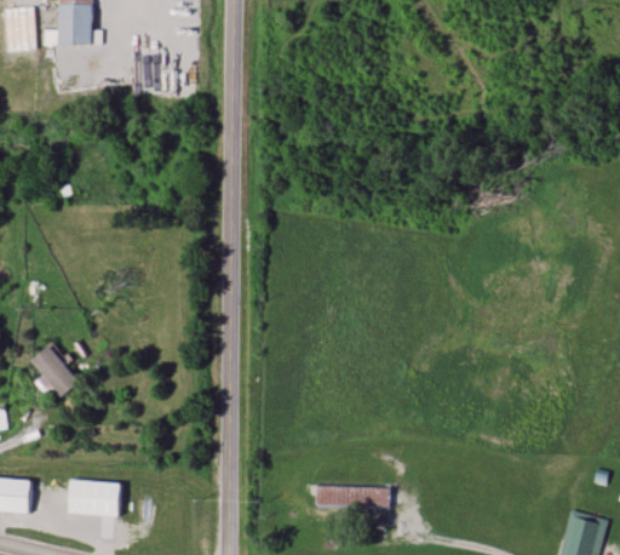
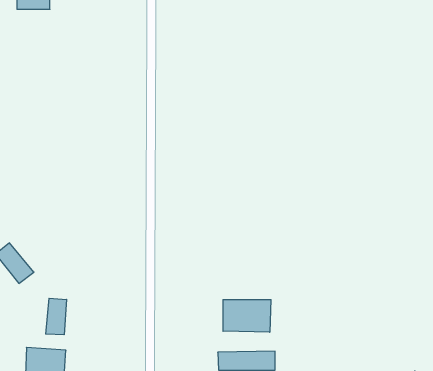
building: none -> [46,298,67,335]
building: none -> [223,300,271,332]

